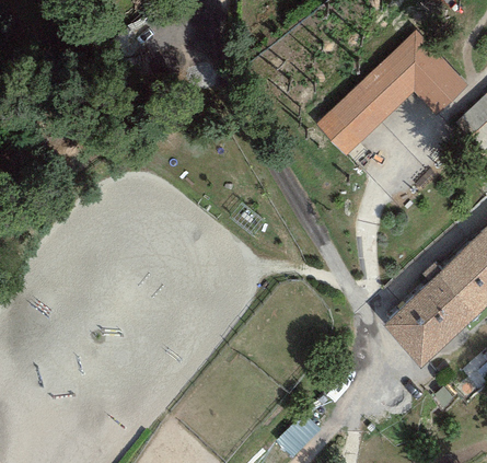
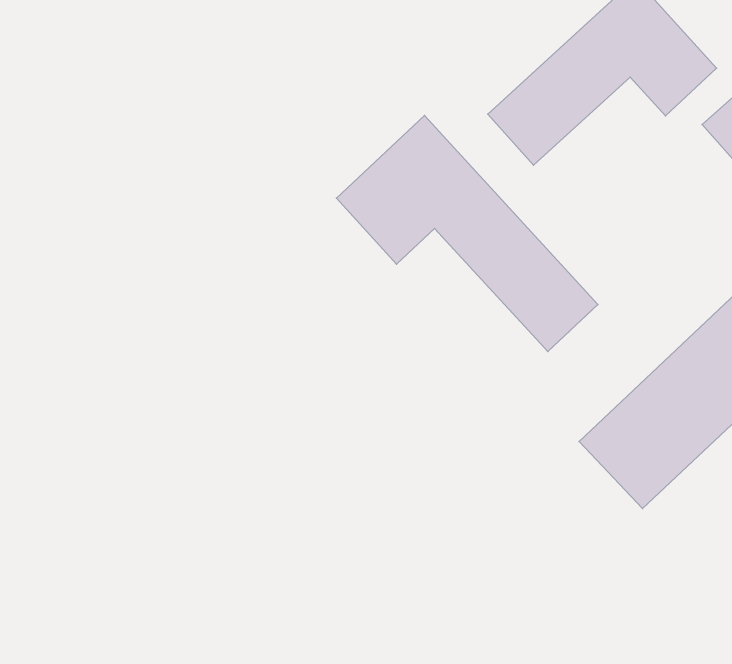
building: none -> [337,116,598,352]

